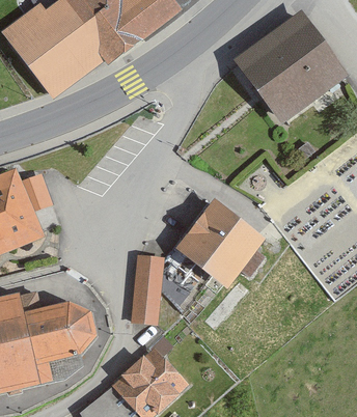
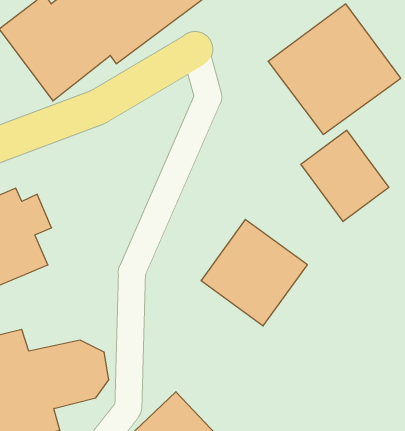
building: none -> [301,130,389,222]
building: [131,256,162,325] -> none

